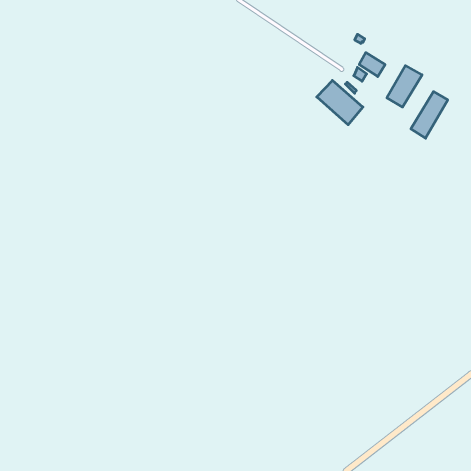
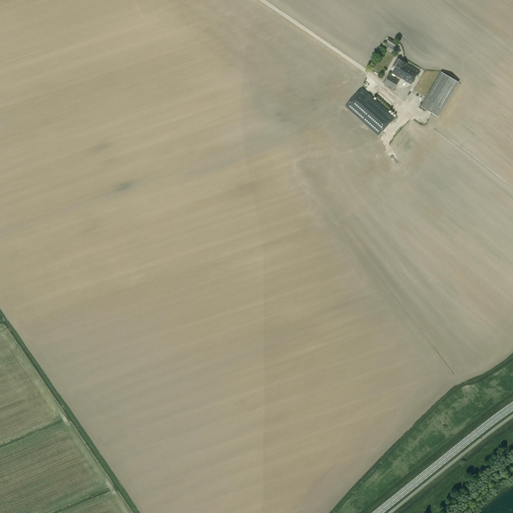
building: [411,92,448,138] -> none

